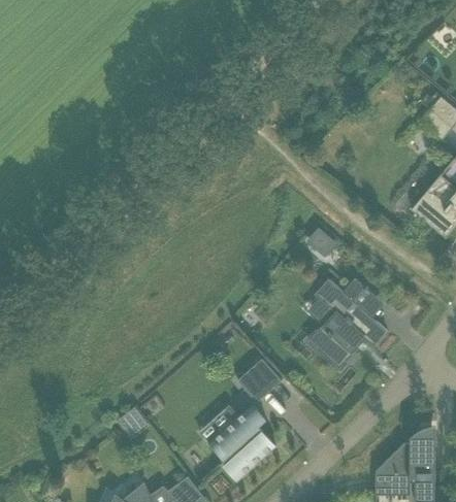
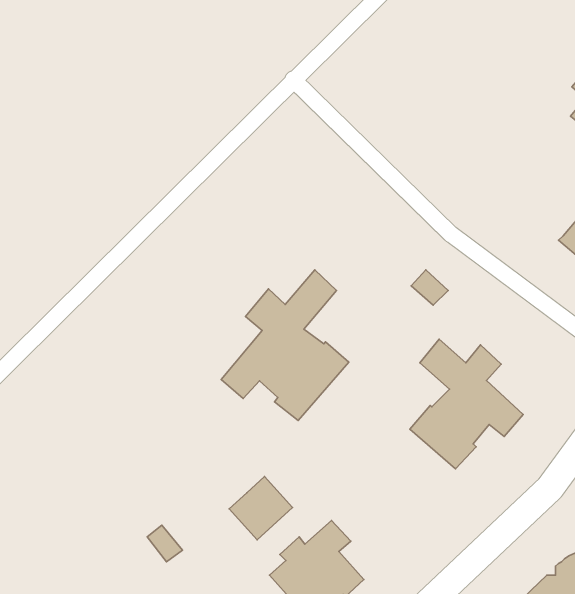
building: none -> [221,270,349,420]
building: [237,358,282,402] -> [229,476,292,540]

